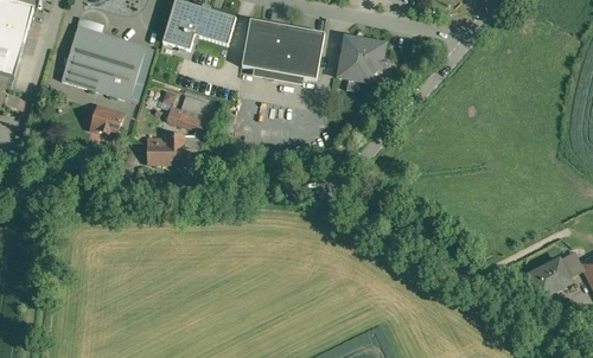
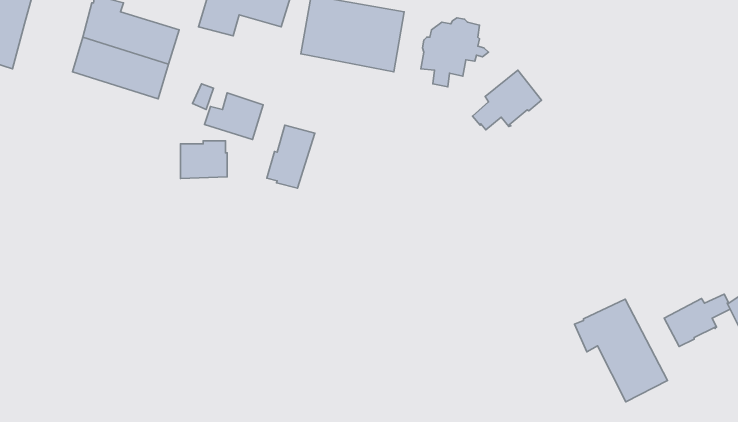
building: none -> [473,70,542,130]
building: [90,106,123,136] -> none
building: none -> [267,125,315,188]
building: none -> [574,299,667,402]

